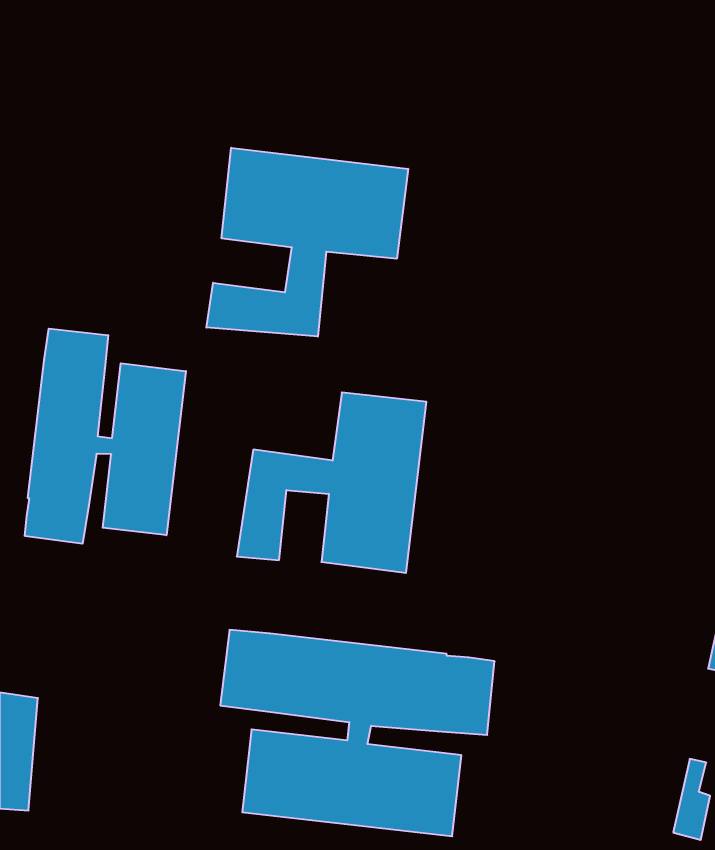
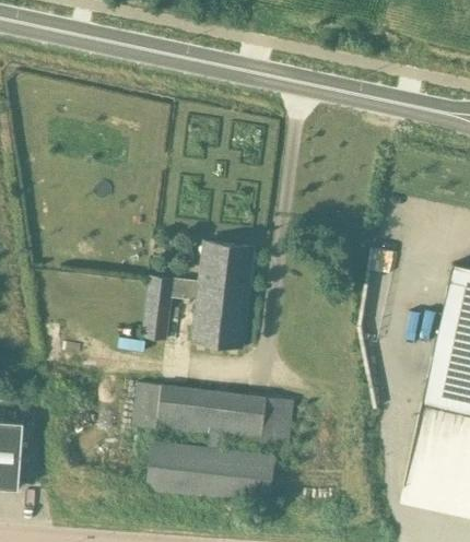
building: [206,148,408,337] -> none
building: [25,329,186,544] -> none

